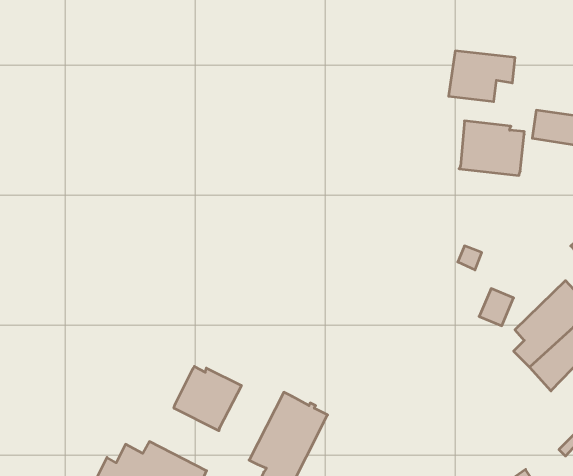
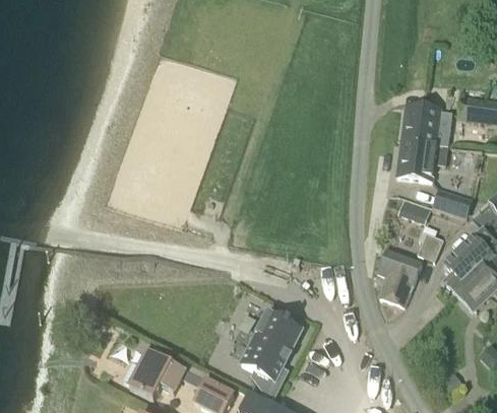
building: [449,51,515,102] -> [396,141,447,180]
building: none -> [432,188,472,218]
building: none -> [377,248,422,305]
building: [174,366,241,431] -> none

